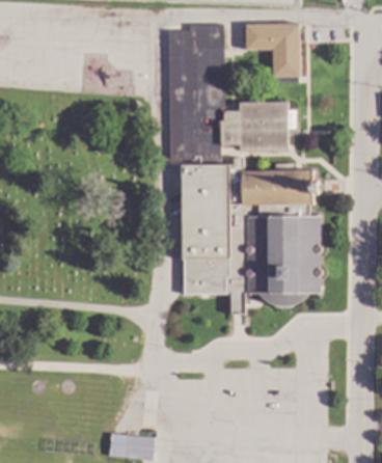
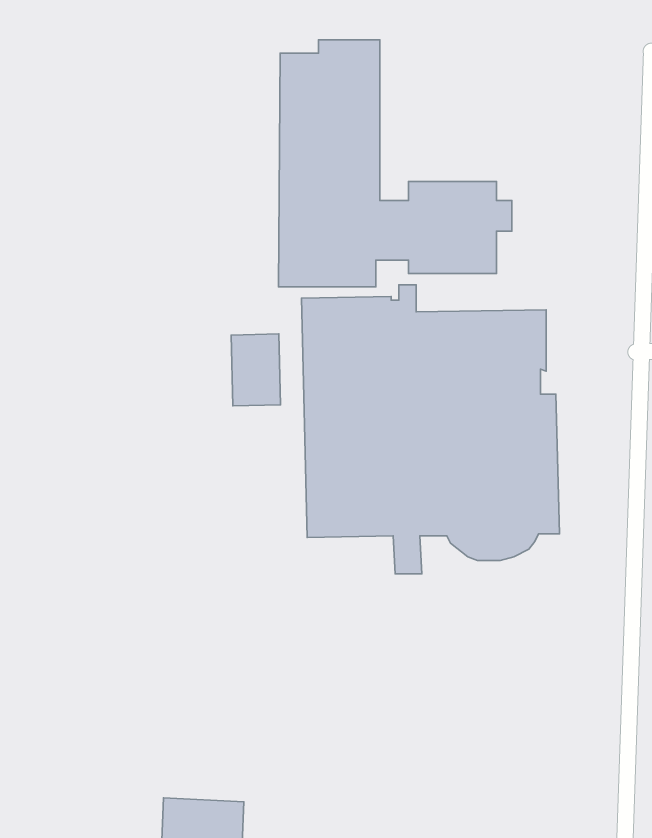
building: [246,24,301,76] -> none
building: none -> [231,334,280,406]

